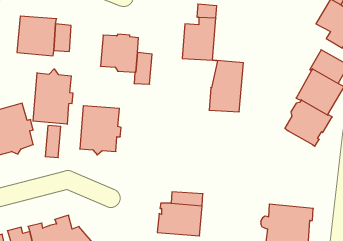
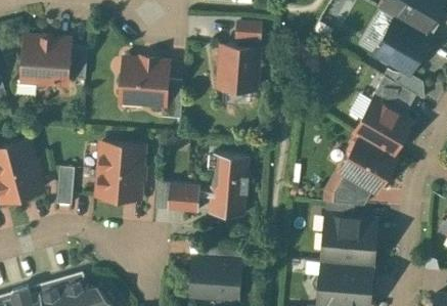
building: [209,60,243,112] -> [208,154,249,215]
building: [33,69,73,124] -> none
building: none -> [331,173,372,205]
building: none -> [154,182,199,212]
building: none -> [314,216,375,265]

